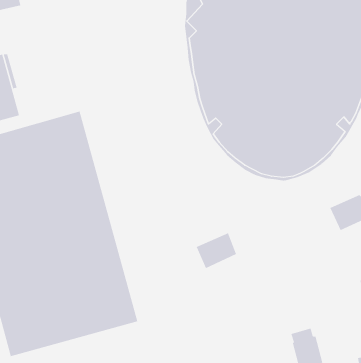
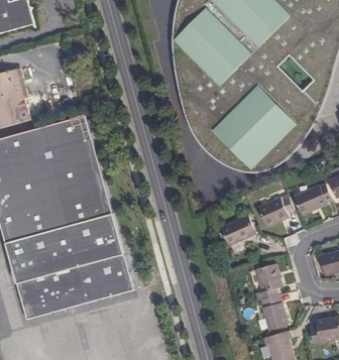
building: none -> [257,193,294,226]
building: [196,232,237,269] -> [220,214,254,244]
building: none -> [255,262,281,299]

